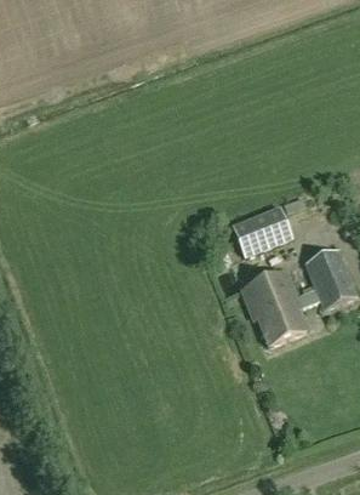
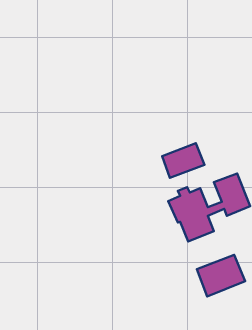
building: none -> [197,255,245,296]

